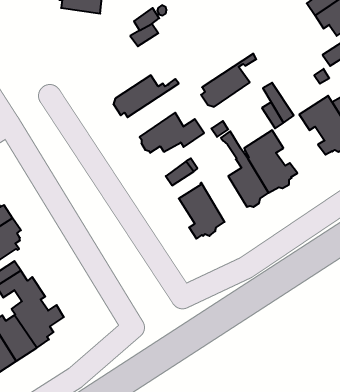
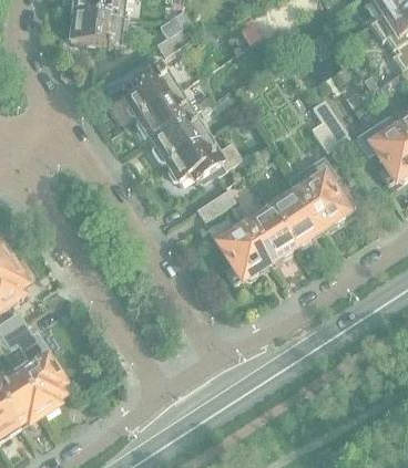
building: none -> [69,10,123,48]
building: none -> [124,56,180,117]
building: [201,54,256,107] -> [151,100,216,163]
building: none -> [239,202,294,263]

